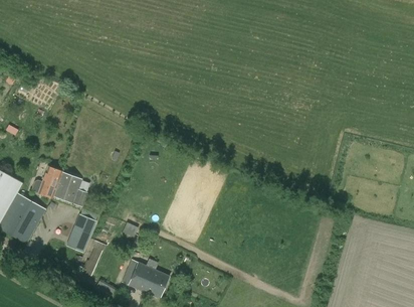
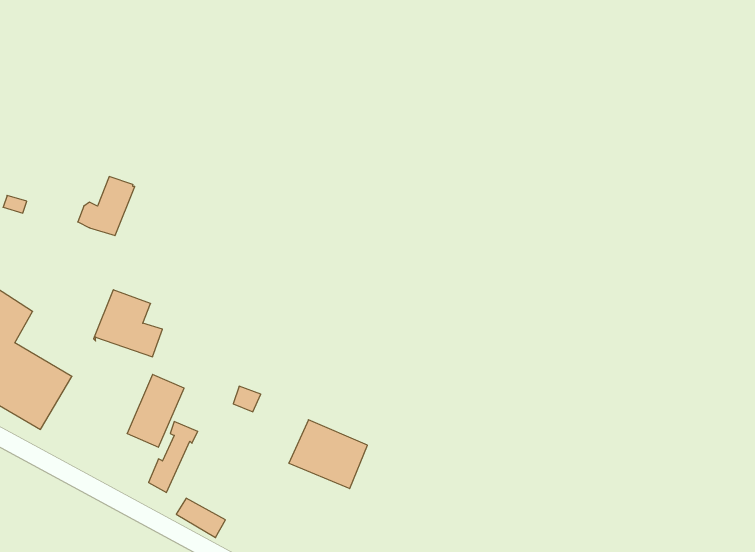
building: [33,166,62,196] -> [78,177,135,236]
building: [128,262,168,297] -> [289,420,367,489]

